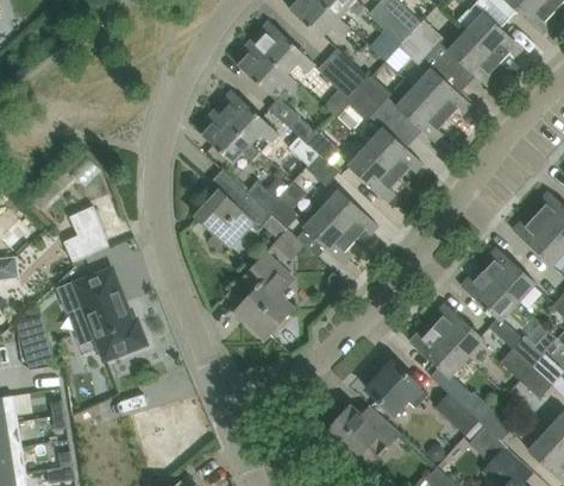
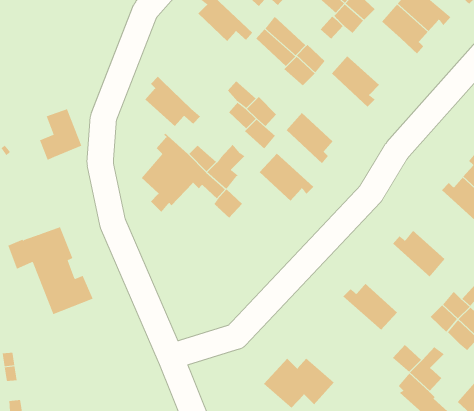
building: [237,39,296,102] -> none
building: [413,68,470,119] -> none
building: [219,90,277,144] -> none
building: [365,127,422,178] -> none
building: [63,206,108,260] -> [39,108,82,160]
building: [303,210,353,264] -> none
building: [482,246,534,302] -> none
building: [236,252,293,337] -> none
building: [432,302,484,358] -> none
building: [365,360,428,415] -> none
building: [435,393,478,435] -> none

